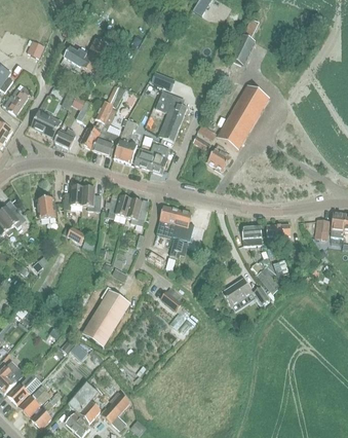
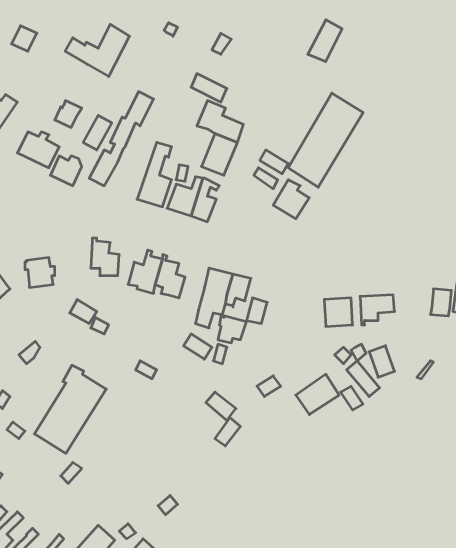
building: [92,121,121,155] -> none
building: [64,183,83,209] -> none
building: [82,286,131,346] -> [34,365,106,453]

